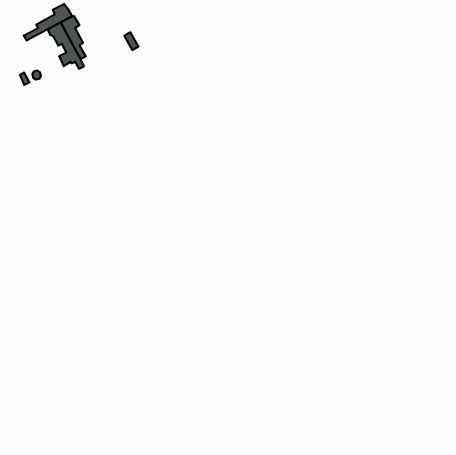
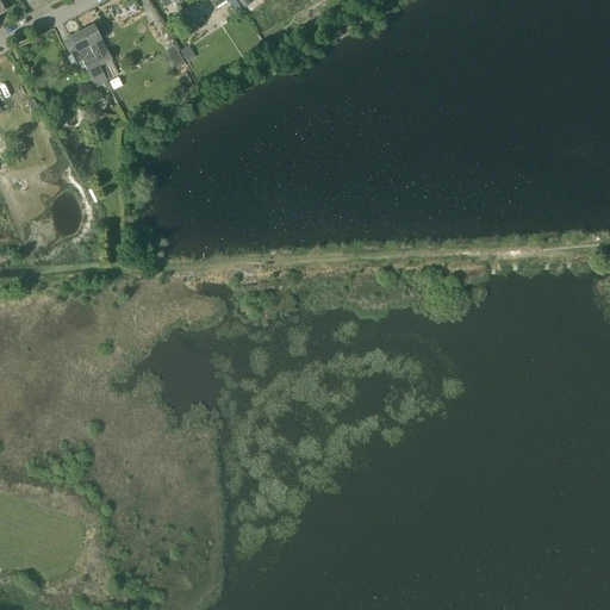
building: [24,4,72,41] -> none

